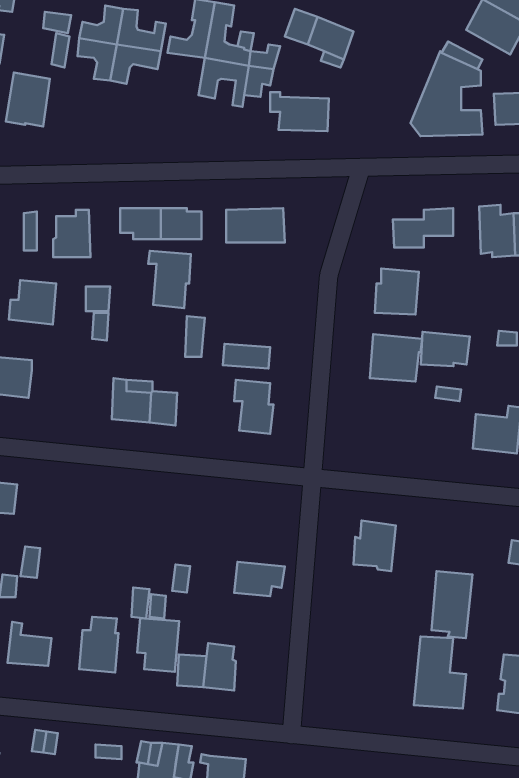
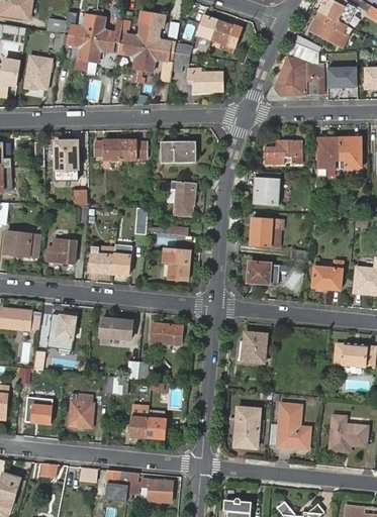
building: none -> [123,43,148,70]
building: [148,251,191,308] -> [170,179,196,214]
building: [9,280,56,324] -> [46,236,76,264]
building: [421,332,470,366] -> [249,263,279,284]
building: none -> [48,313,76,349]
building: none -> [100,317,132,337]
building: [234,562,285,596] -> [151,321,182,342]
building: [432,571,472,638] -> [234,407,260,448]
building: [137,618,179,672] -> none

